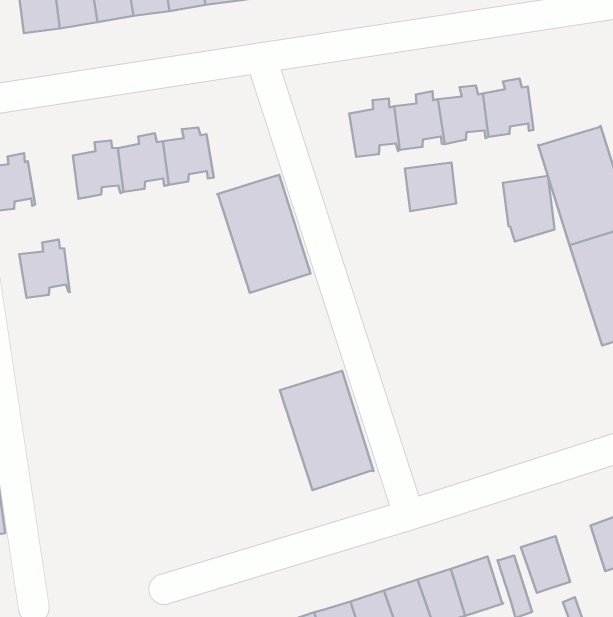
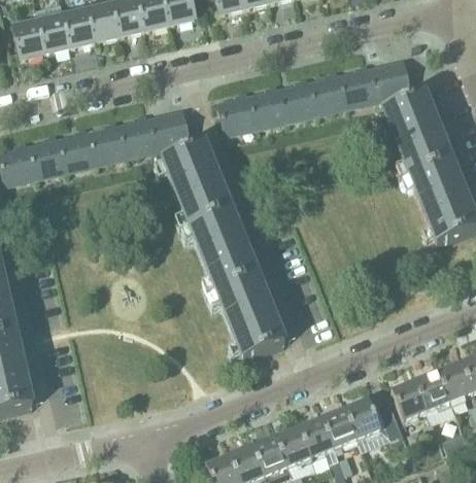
building: none -> [220,92,259,134]
building: none -> [154,112,191,148]
building: [405,162,456,211] -> none
building: [503,176,554,242] -> [374,62,412,109]
building: [19,239,70,298] -> [31,134,68,176]
building: none -> [192,210,260,292]
building: none -> [416,371,452,411]

